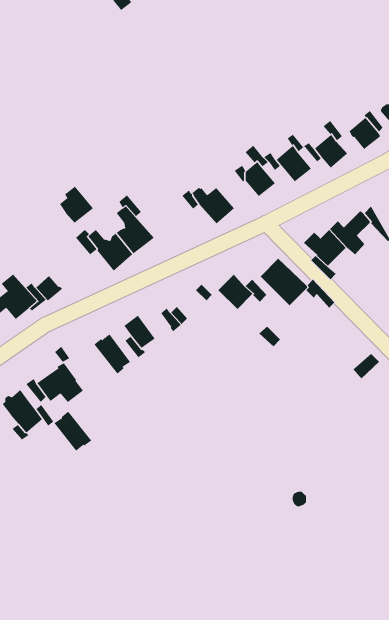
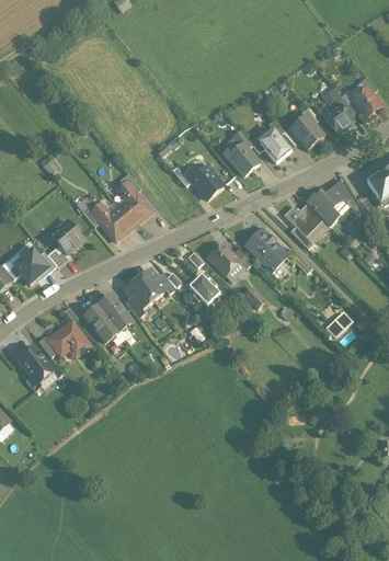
building: [59,186,94,224] -> [53,219,83,253]
building: none -> [137,268,165,299]
building: none -> [188,273,219,305]
building: [54,411,92,452] -> [84,305,118,341]

